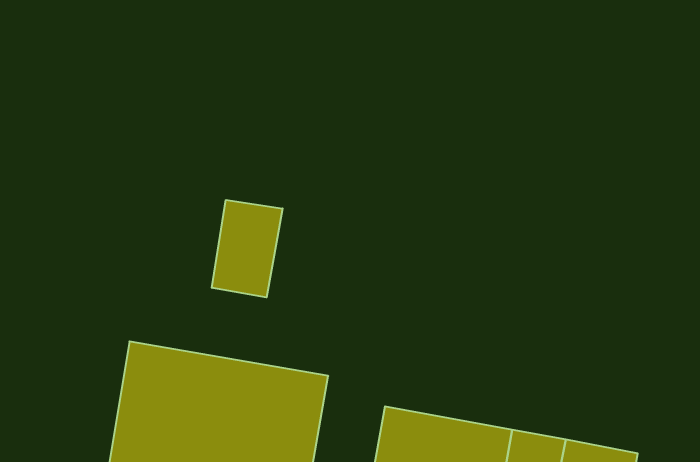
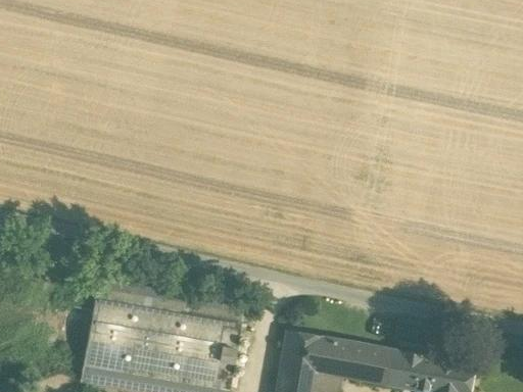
building: [212,200,283,297] -> none

